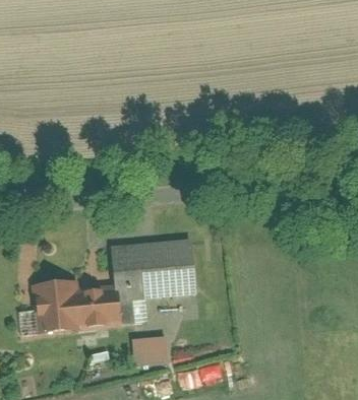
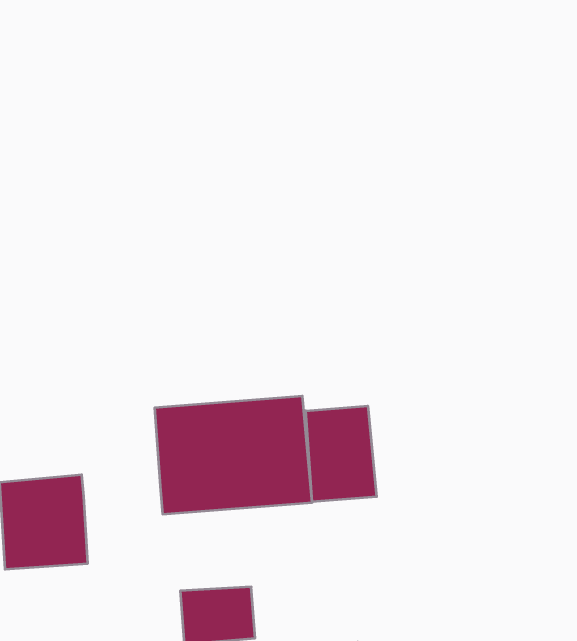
building: none -> [306,406,377,502]
building: [77,287,120,325] -> none

